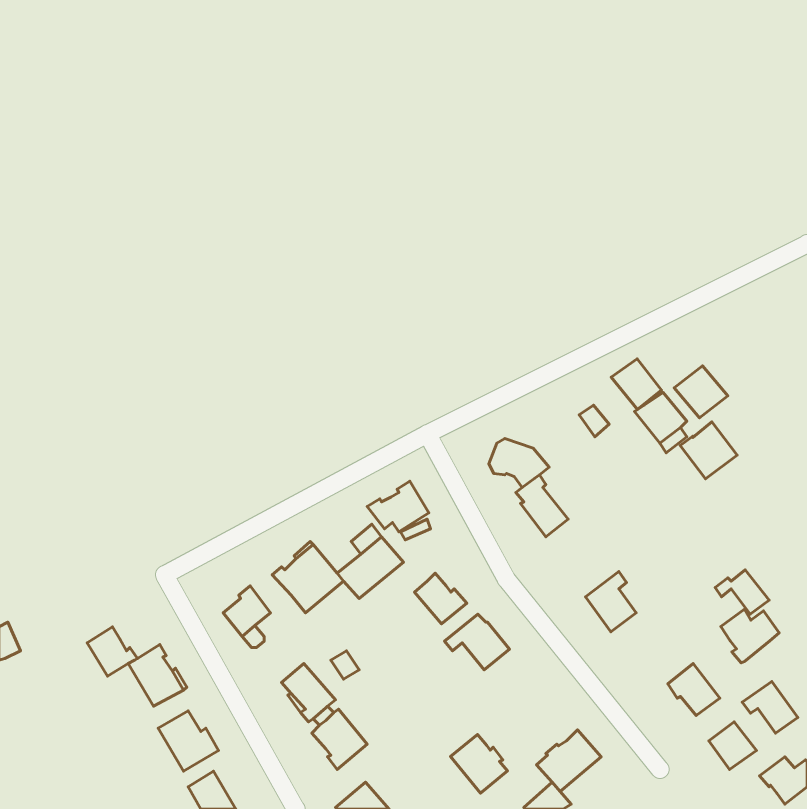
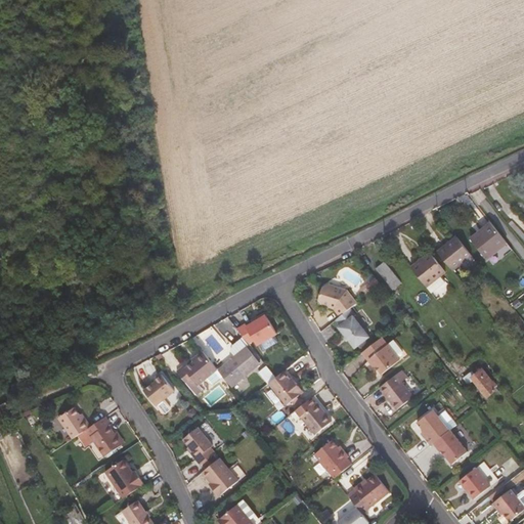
building: [611,359,662,410] -> none
building: [680,422,737,479] -> [469,222,506,259]
building: none -> [360,338,395,373]
building: [721,609,779,663] -> [417,408,454,443]
building: [742,682,798,733] -> none
building: [451,734,507,793] -> [313,439,350,477]

